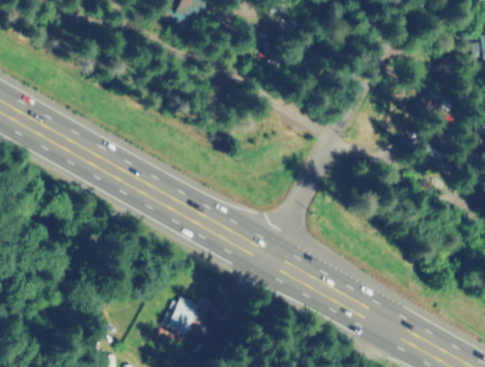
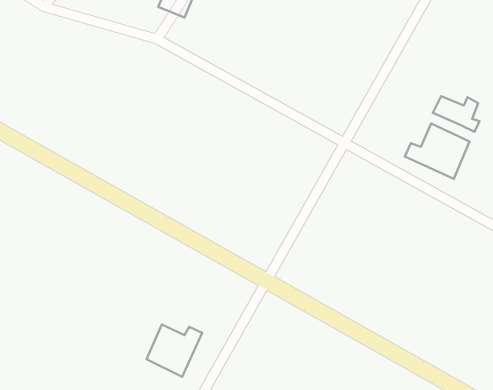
building: none -> [405,124,469,179]

